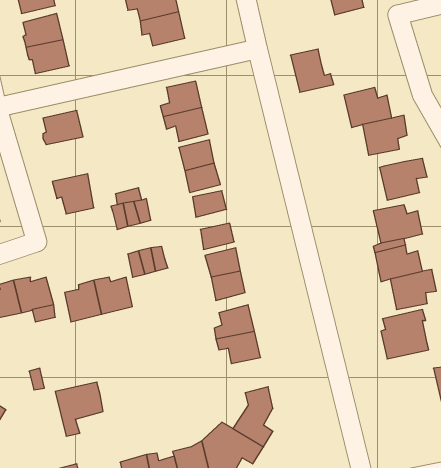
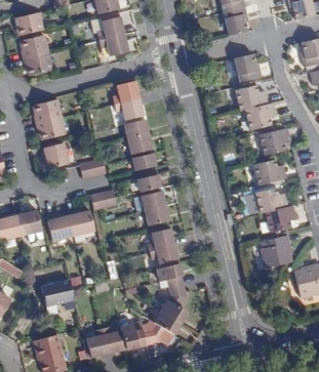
building: [290,49,334,92] -> [233,53,262,82]
building: none -> [36,117,65,139]
building: none -> [156,263,184,287]

